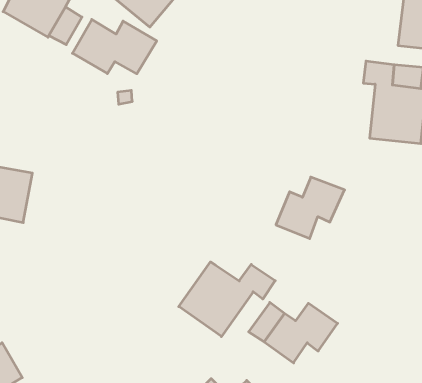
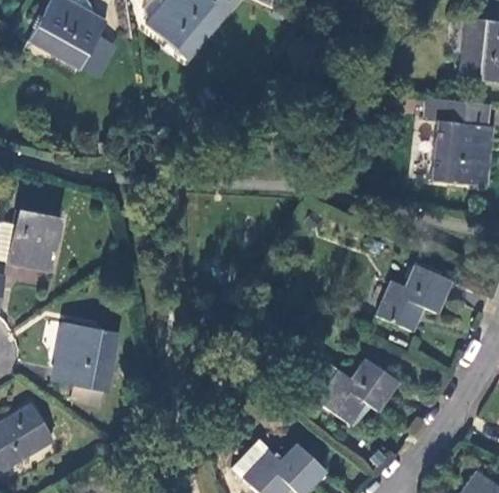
building: [72,19,157,74] -> none
building: [276,177,345,239] -> [376,264,451,331]
building: [179,262,275,337] -> none
building: none -> [51,321,118,392]

